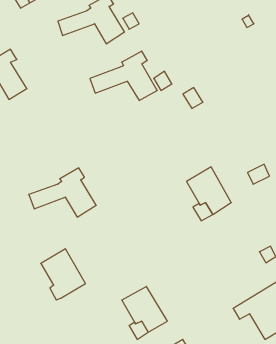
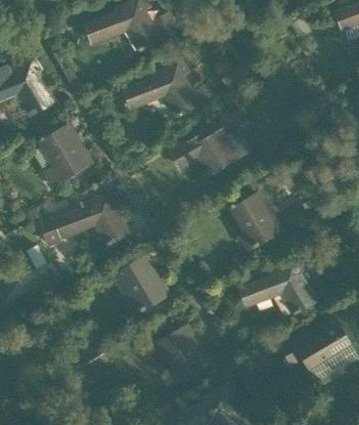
building: none -> [39,124,91,185]
building: none -> [170,129,249,177]
building: none -> [239,257,314,313]
building: [41,249,85,300] -> [117,256,167,313]

